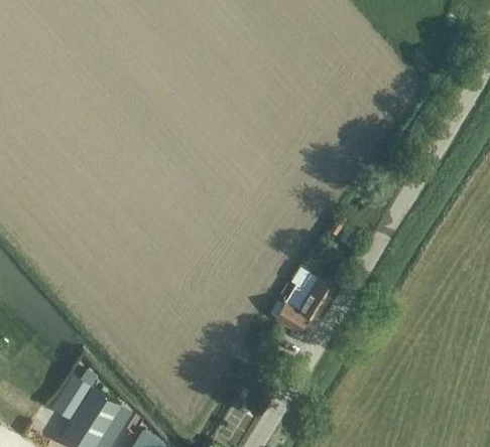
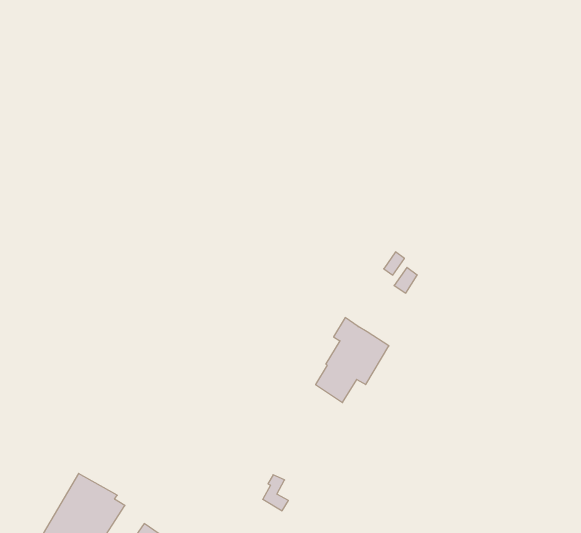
building: [52,377,94,423] -> none

